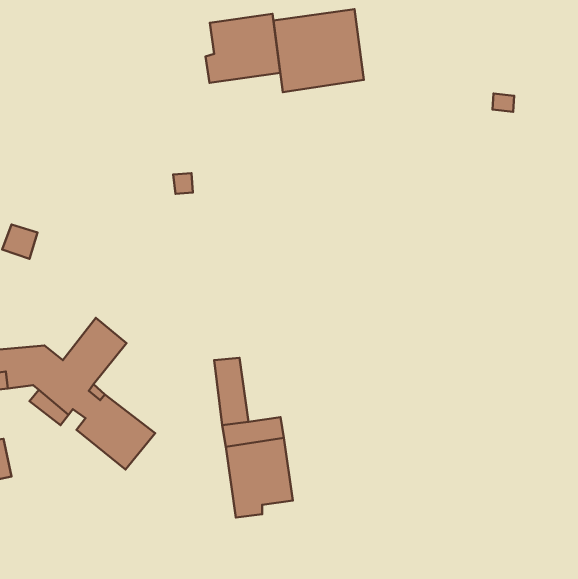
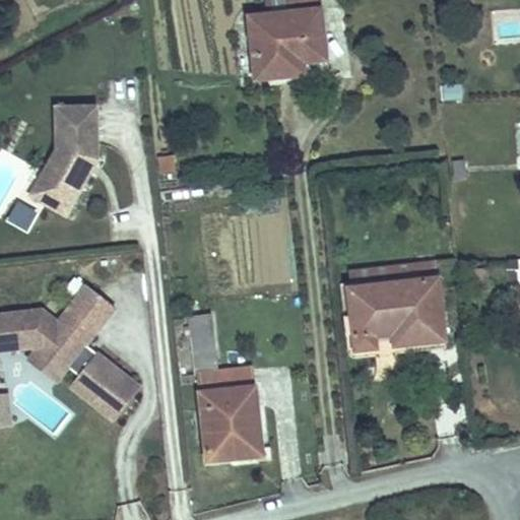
building: [206,14,280,83] -> none
building: none -> [34,105,95,213]
building: none -> [353,256,451,351]

